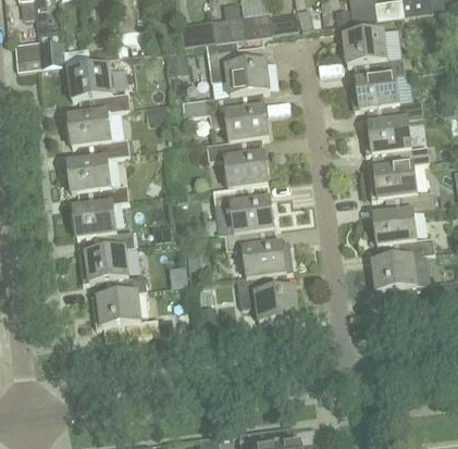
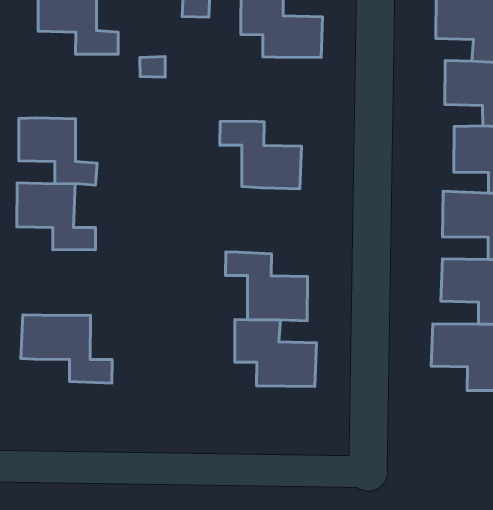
building: [185,92,270,139] -> none
building: [66,110,128,157] -> none
building: [212,184,275,230] -> none
building: [85,245,147,292] -> none

